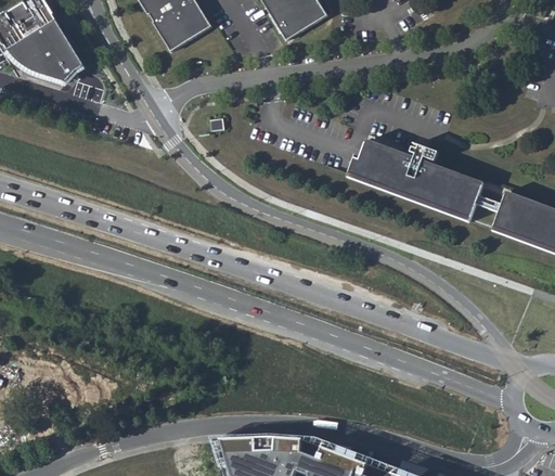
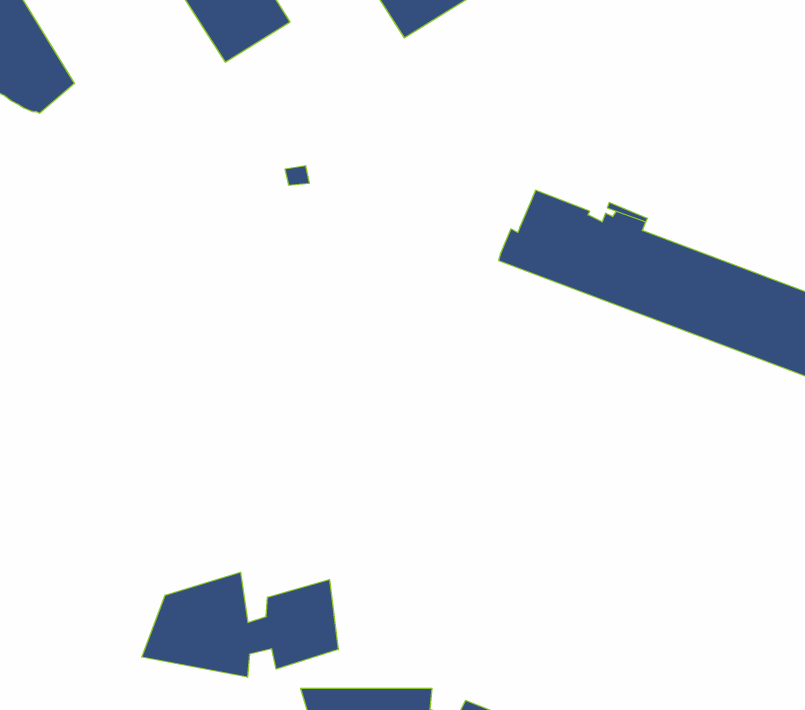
building: none -> [142,572,338,677]

